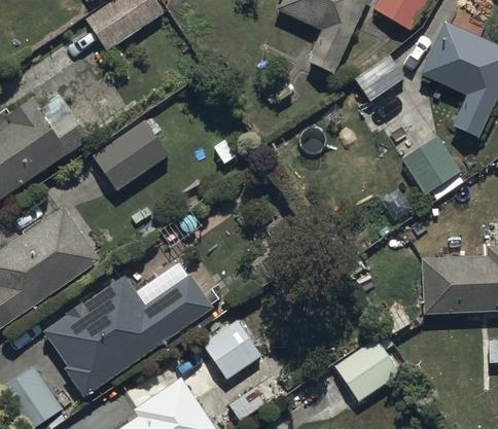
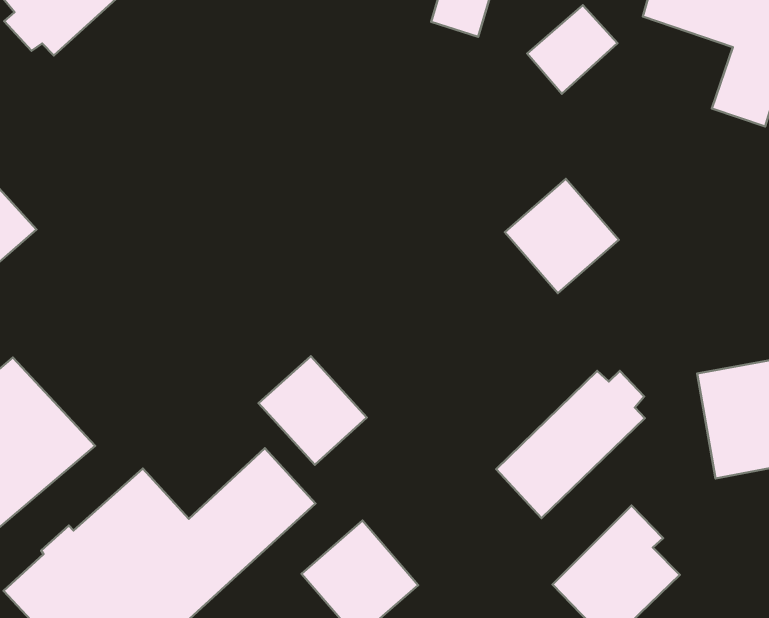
building: [93,118,171,191] -> none
building: [402,135,462,194] -> [505,179,619,293]
building: none -> [259,356,367,465]
building: none -> [496,371,645,518]

